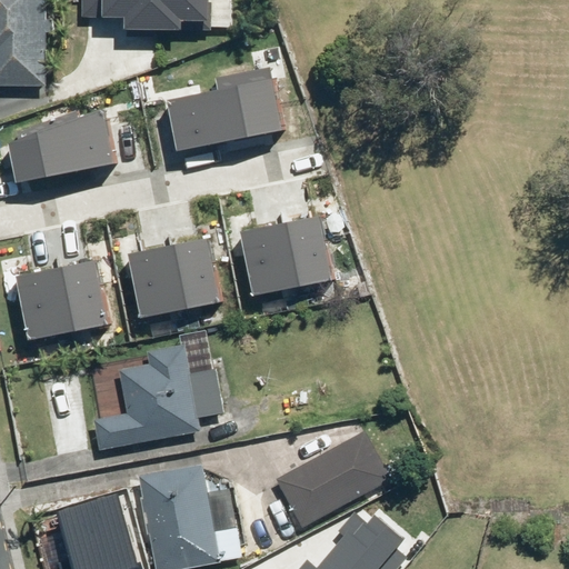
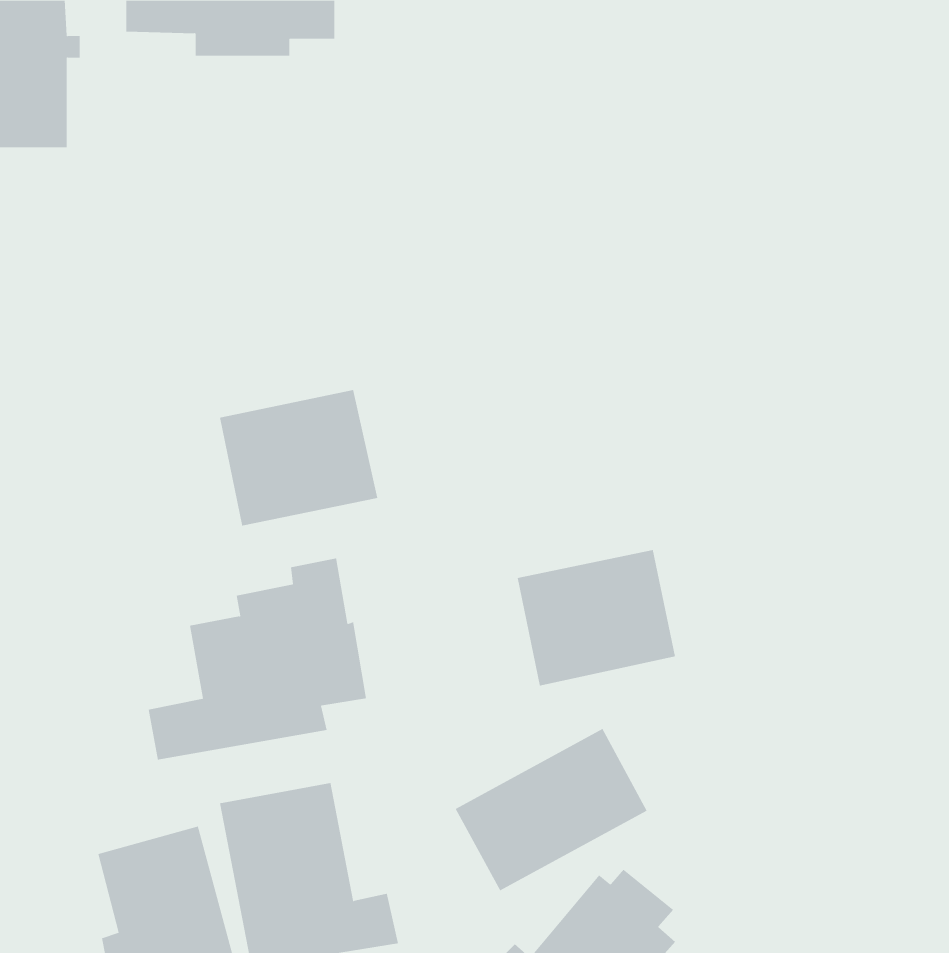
building: [168,74,282,148] -> none
building: [10,104,118,178] -> none
building: [242,212,337,293] -> [517,550,676,686]
building: [18,256,111,336] -> none

